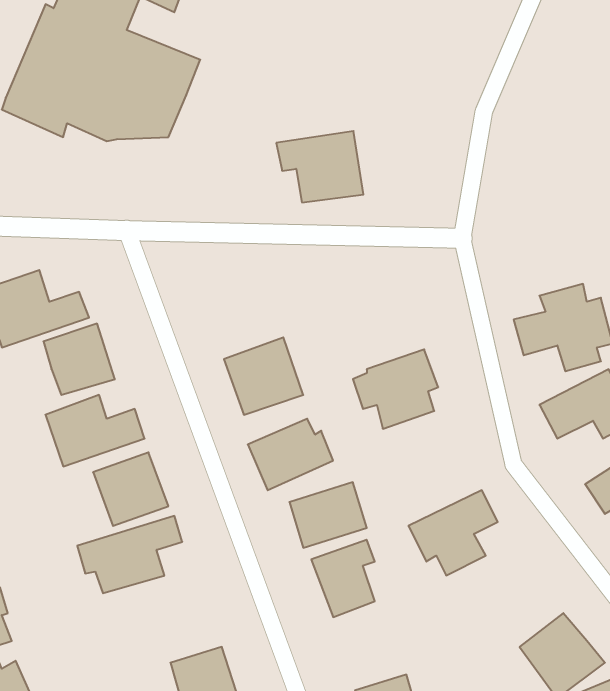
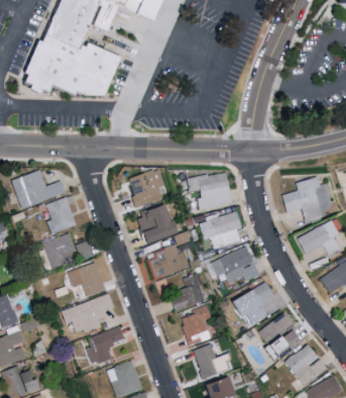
building: [276,131,363,202] -> [188,172,232,208]
building: none -> [127,167,165,207]
building: none -> [208,245,259,284]
building: none -> [256,311,297,357]
building: none -> [86,327,124,363]
building: none -> [193,342,223,379]

